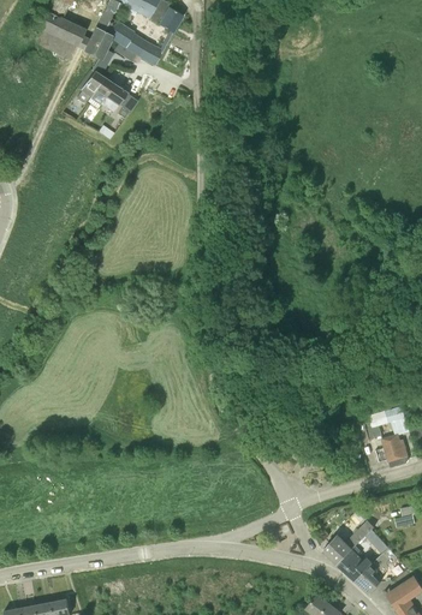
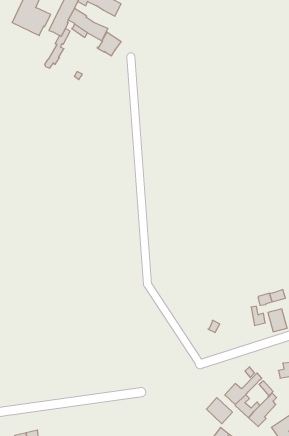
building: [90,77,123,109] -> [97,32,121,56]
building: none -> [206,398,232,424]

